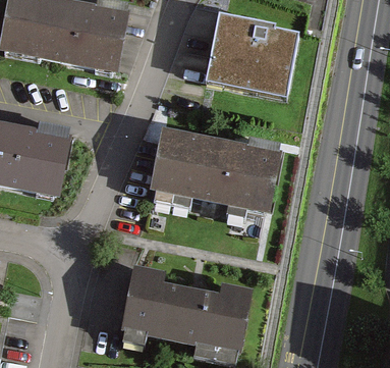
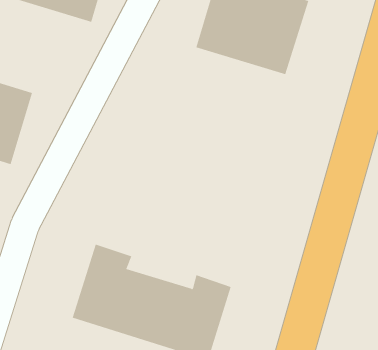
building: [150,126,281,213] -> none

